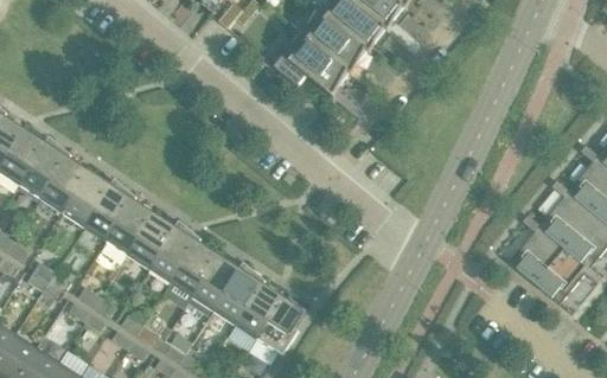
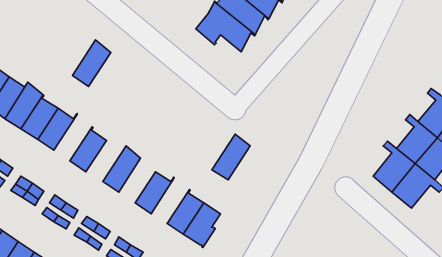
building: [84,180,135,242] -> [72,40,111,86]
building: [127,214,180,269] -> none
building: [171,238,219,297] -> none
building: [213,264,264,325] -> [212,134,250,180]

